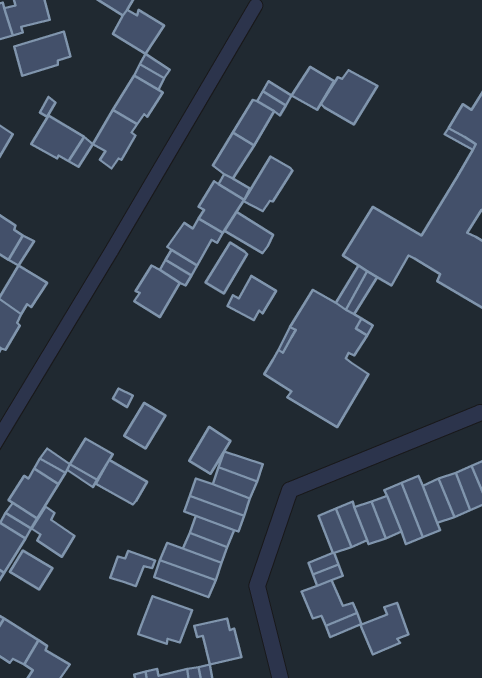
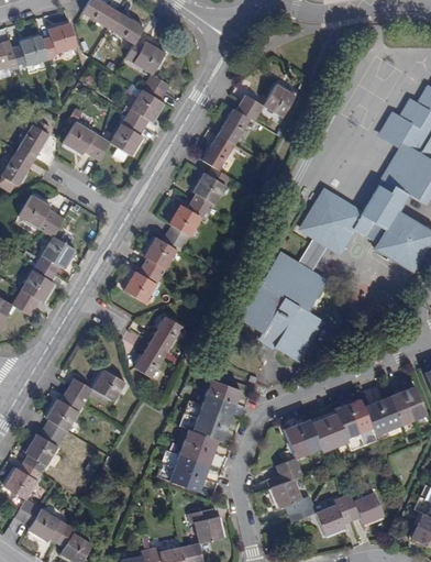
building: [14,31,70,76] -> none
building: [321,70,377,125] -> none
building: [243,156,292,211] -> none
building: [224,212,273,253] -> none
building: [206,243,247,293] -> none
building: [227,276,276,320] -> none
building: none -> [123,264,162,304]
building: [189,427,231,474] -> [150,316,181,352]
building: [96,460,147,504] -> none
building: [31,507,75,557] -> none
building: [10,550,52,589] -> none
building: [110,551,155,586] -> none
building: [138,596,192,644] -> none
building: none -> [344,493,384,524]

